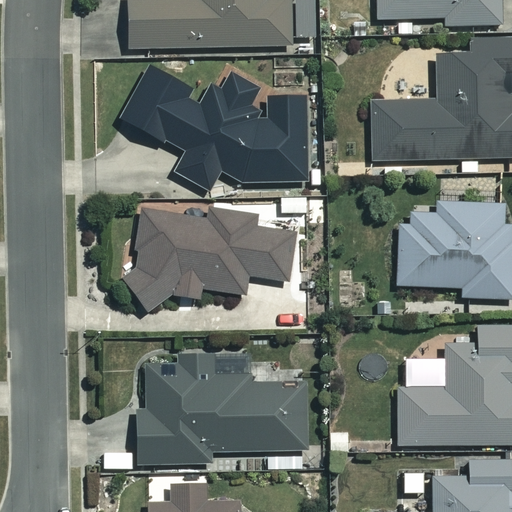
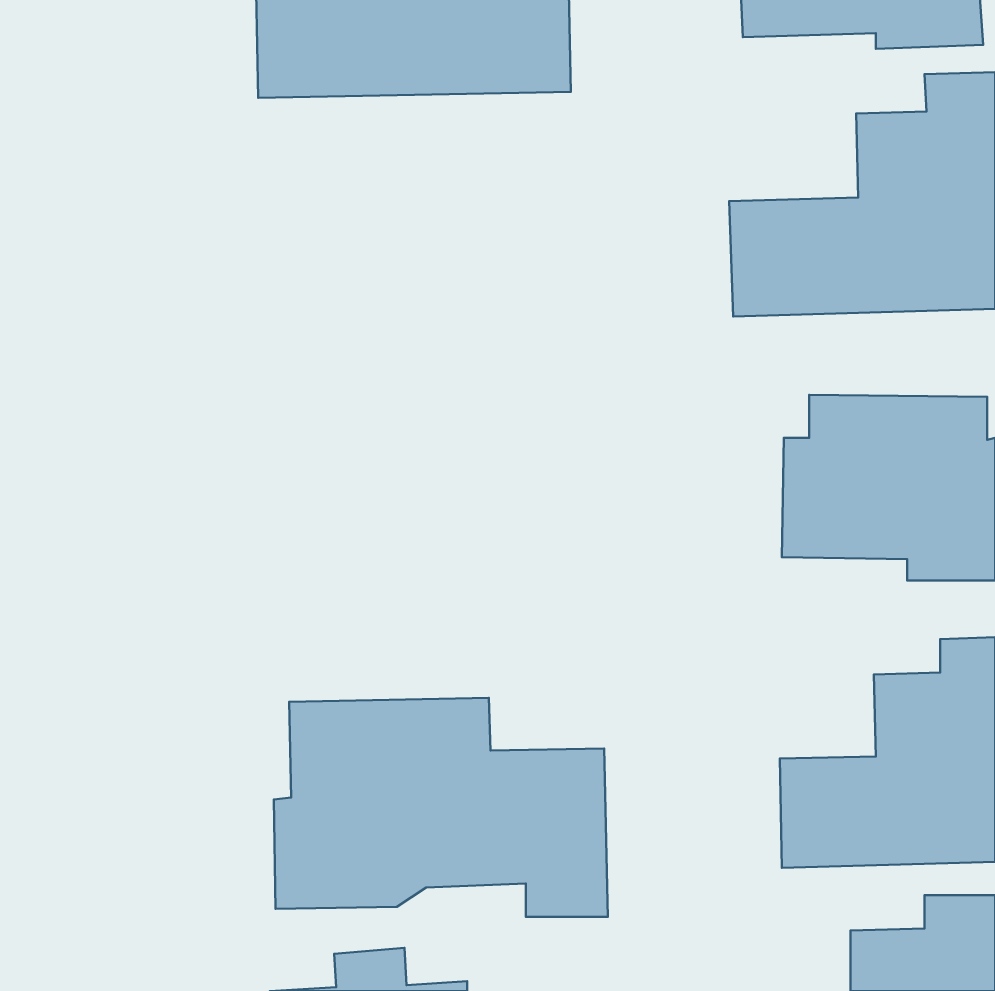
building: [116,60,306,191] -> none
building: [123,207,293,309] -> none

